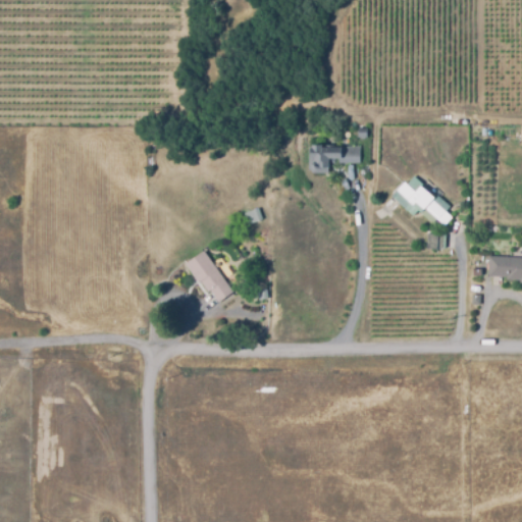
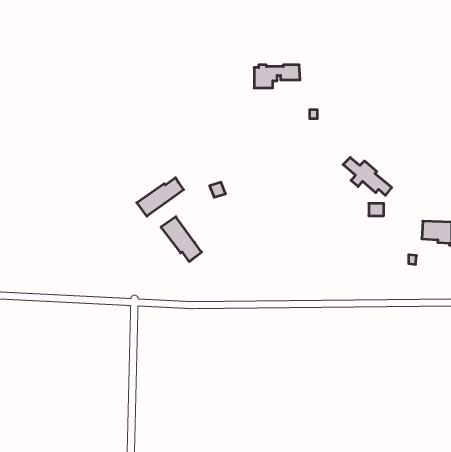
building: [308,145,361,171] -> [254,65,300,88]
building: none -> [137,178,184,216]

